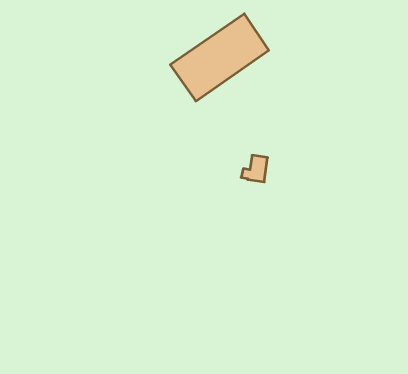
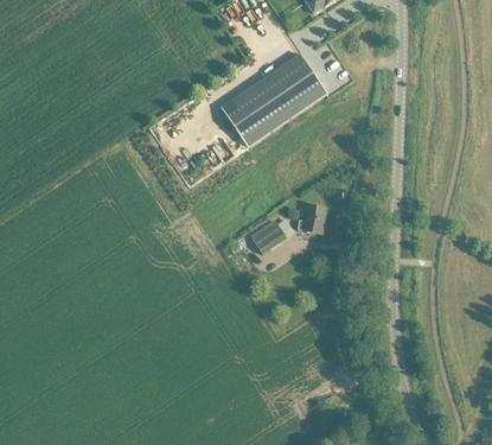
building: none -> [251,221,287,253]

